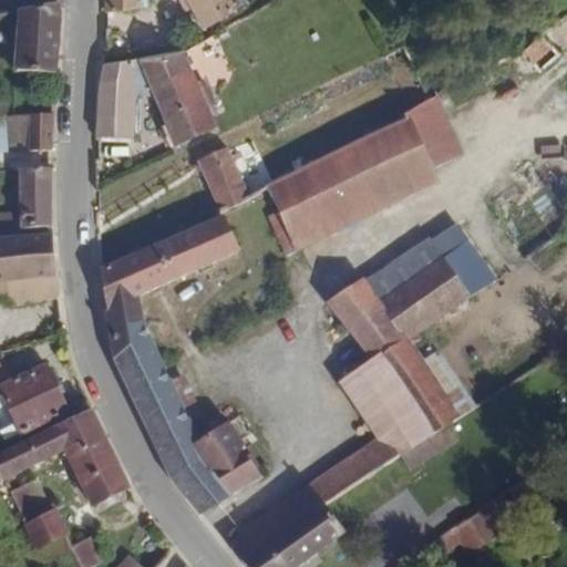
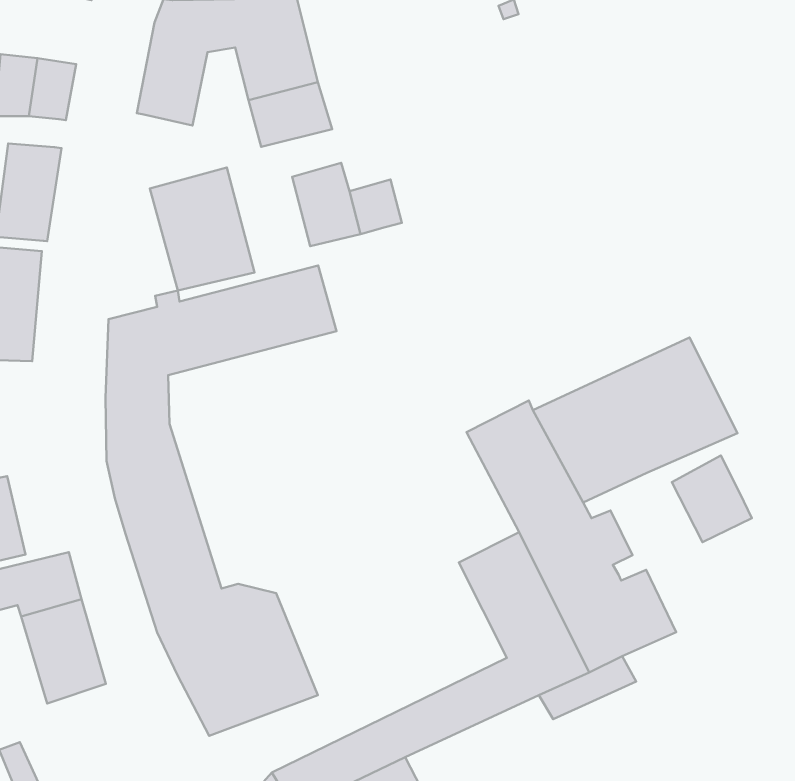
building: [265,94,460,252] -> none
building: none -> [150,168,254,290]
building: none -> [672,456,752,542]

